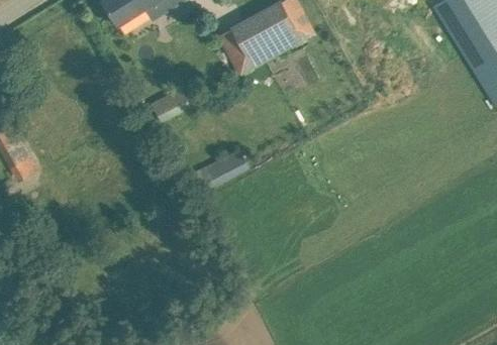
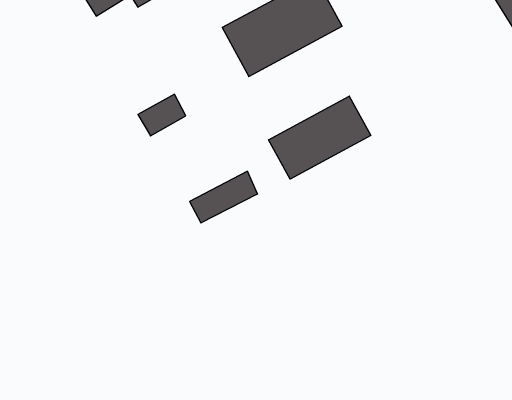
building: none -> [269,96,371,179]

